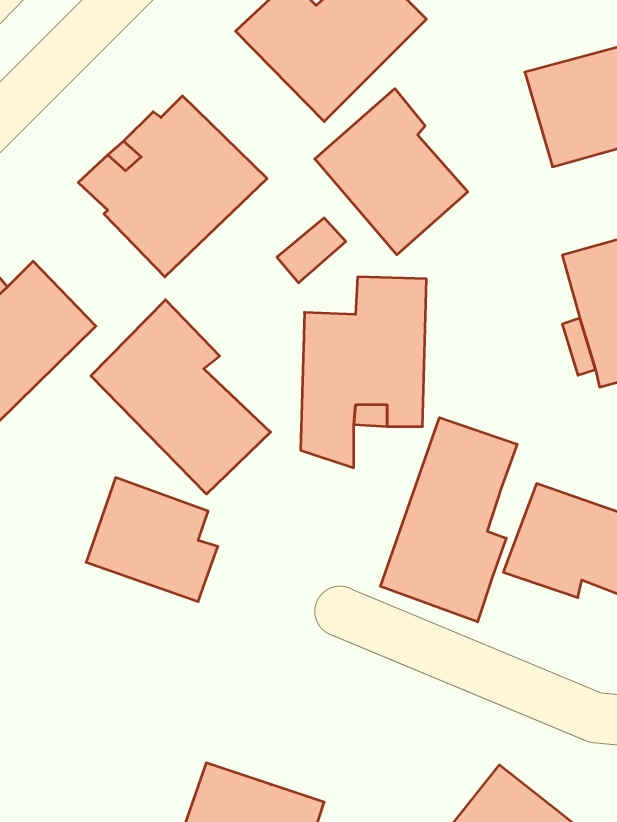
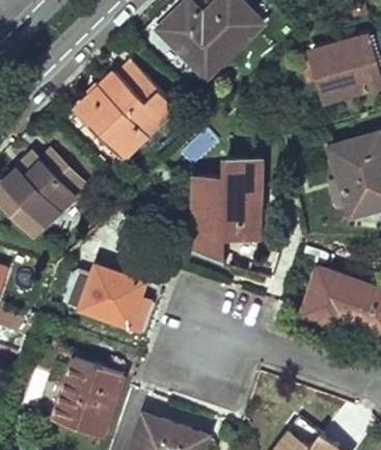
building: [315,89,468,255] -> none
building: [91,300,271,494] -> none
building: [380,418,517,622] -> none
building: none -> [52,359,123,438]

